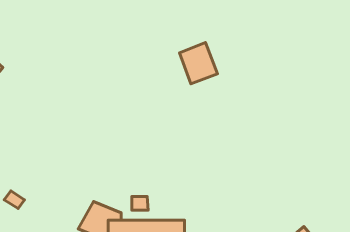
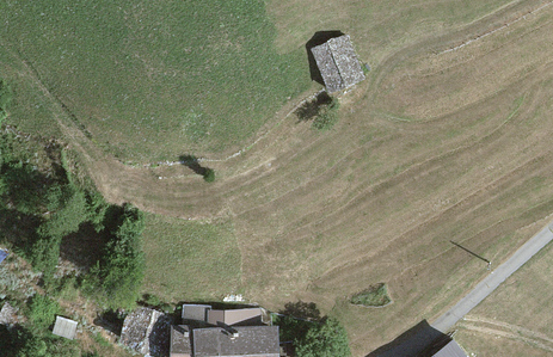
building: [179,42,218,84] -> [313,35,369,96]

